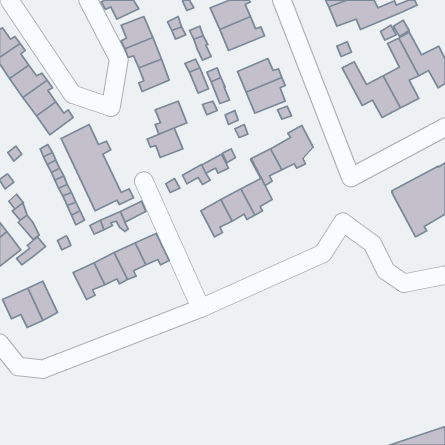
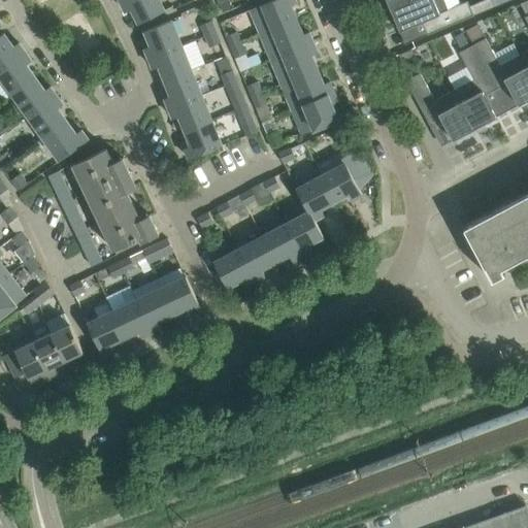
building: none -> [270,42,317,85]
building: [147,128,183,158] -> [168,95,210,130]
building: none -> [213,250,254,287]
building: none -> [51,324,87,370]

